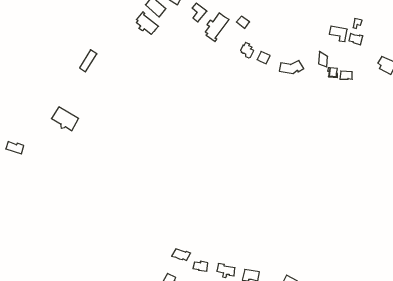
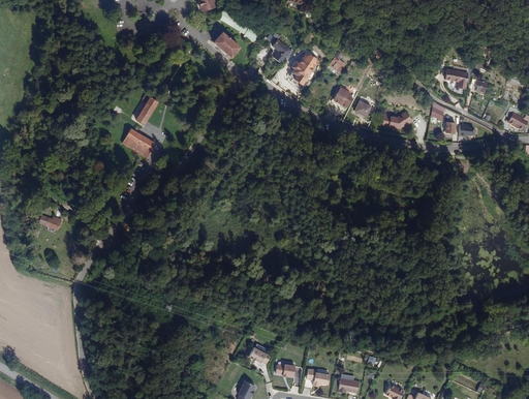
building: [136,12,159,34] -> none
building: [51,107,79,131] -> [117,129,151,159]

